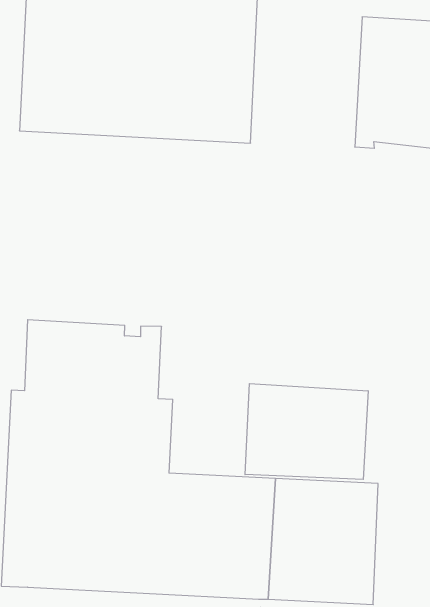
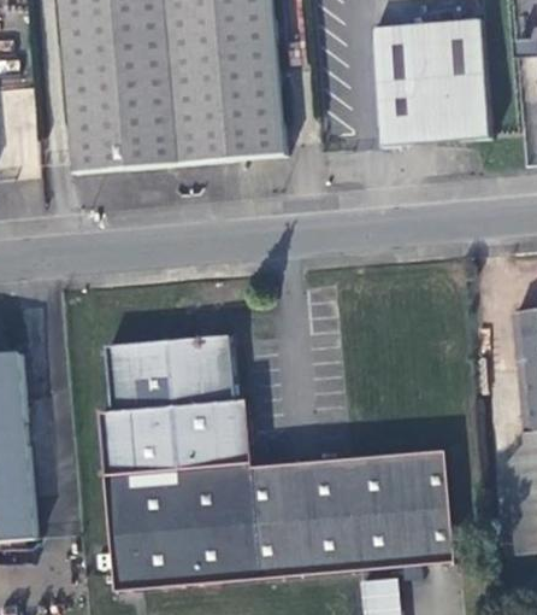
building: [245,384,368,479] -> none

